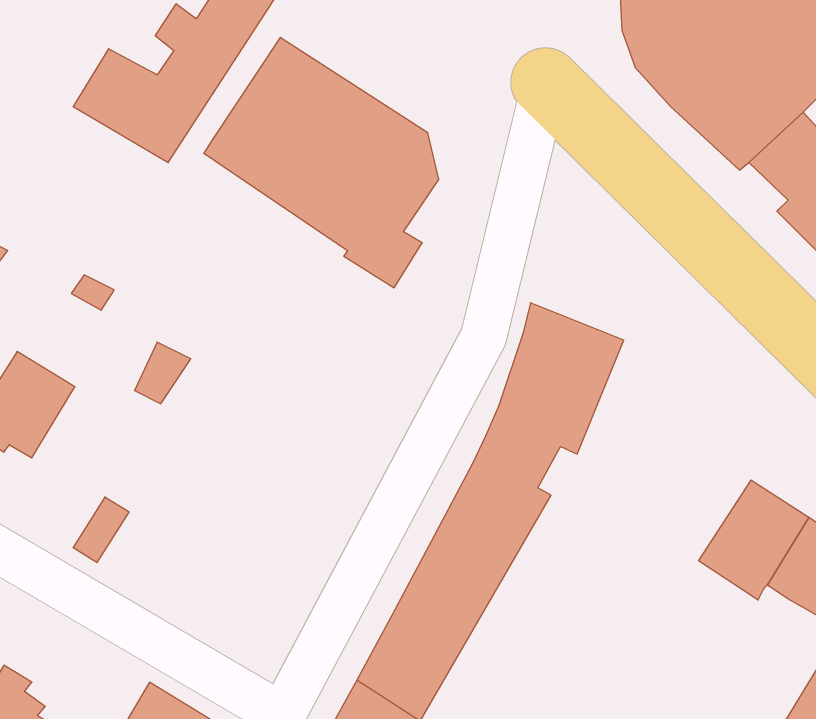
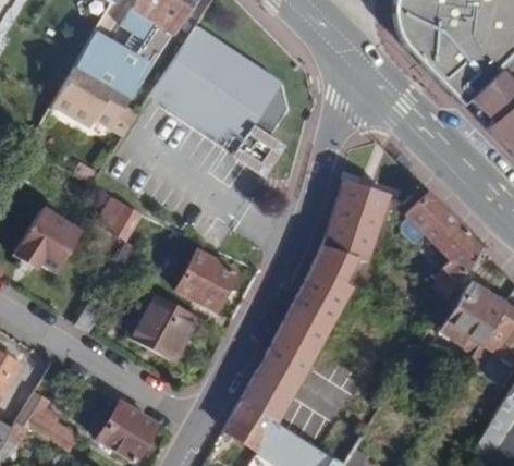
building: none -> [52,65,137,135]
building: none -> [405,193,481,303]
building: none -> [175,249,237,311]
building: none -> [126,291,200,363]

